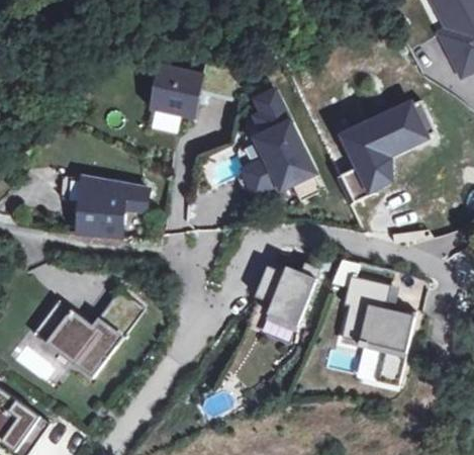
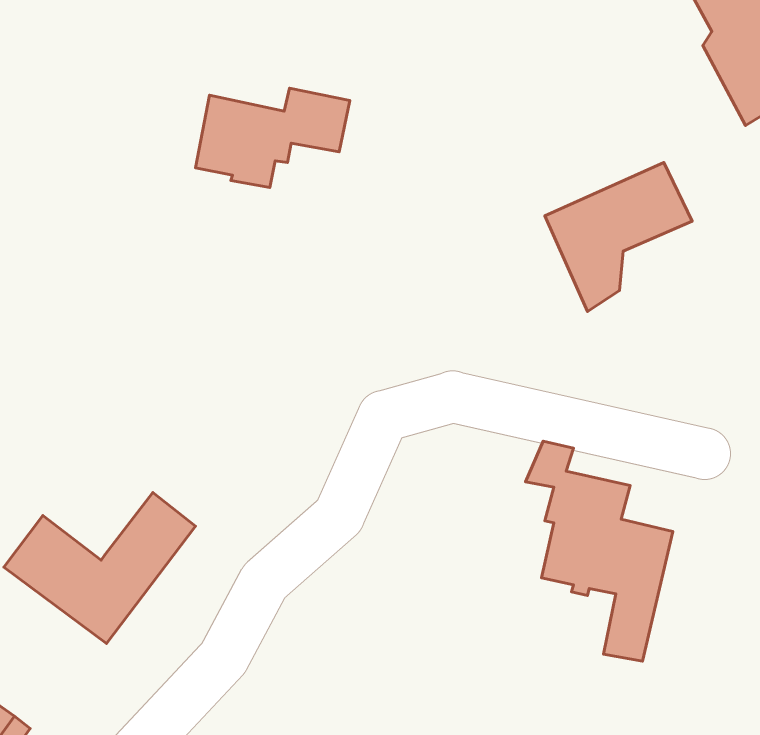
building: [233,87,318,199] -> none
building: [68,177,145,237] -> none
building: [258,264,323,329] -> none

